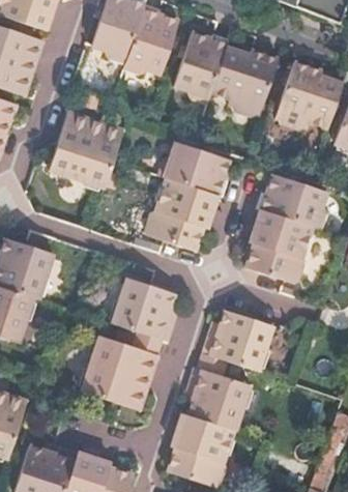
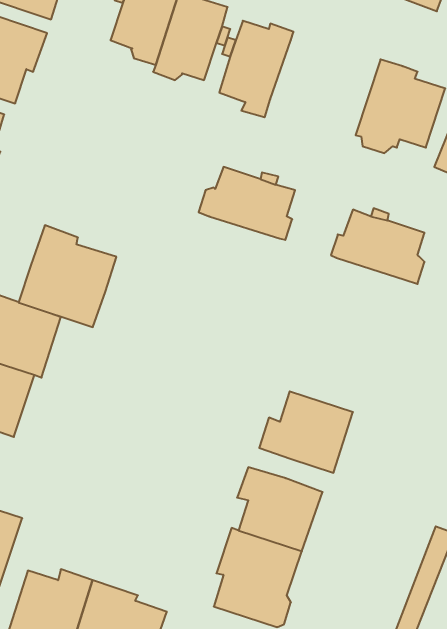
building: [211,47,279,118] -> none
building: [49,112,122,189] -> [19,225,116,327]
building: [144,179,219,252] -> none
building: [246,210,313,284] -> none
building: [112,278,175,342] -> none
building: [82,336,157,408] -> none

